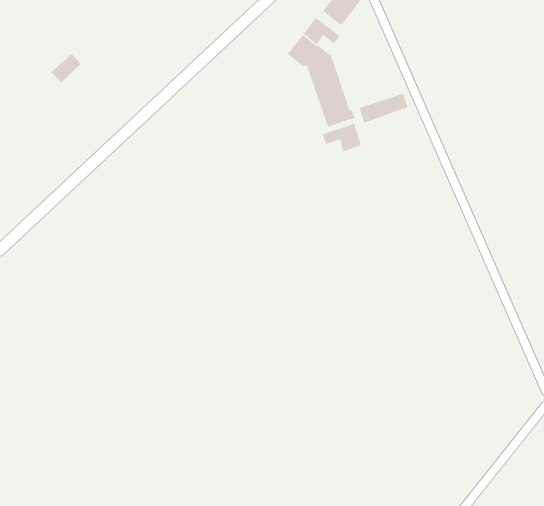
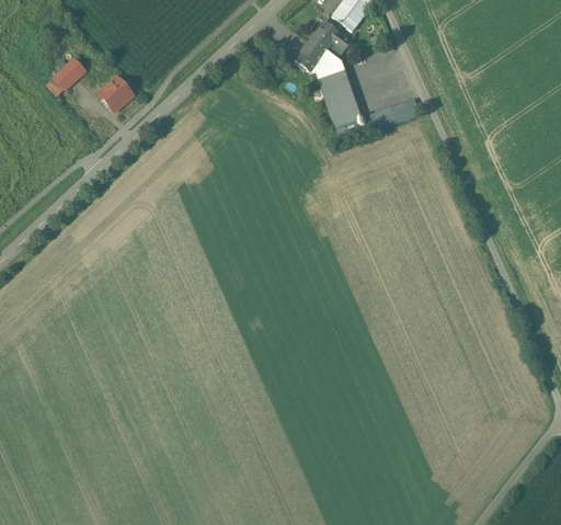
building: none -> [98,77,133,111]
building: [322,123,362,153] -> none

